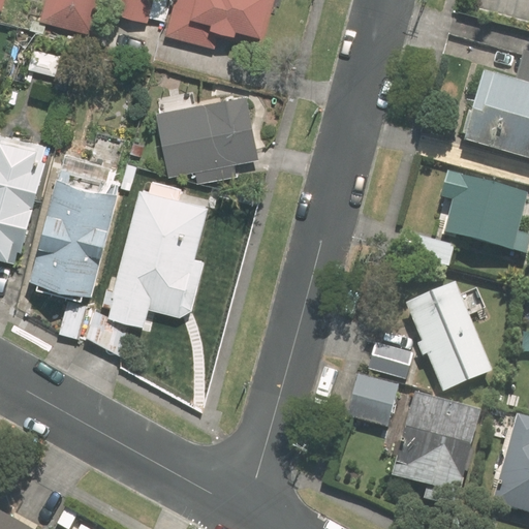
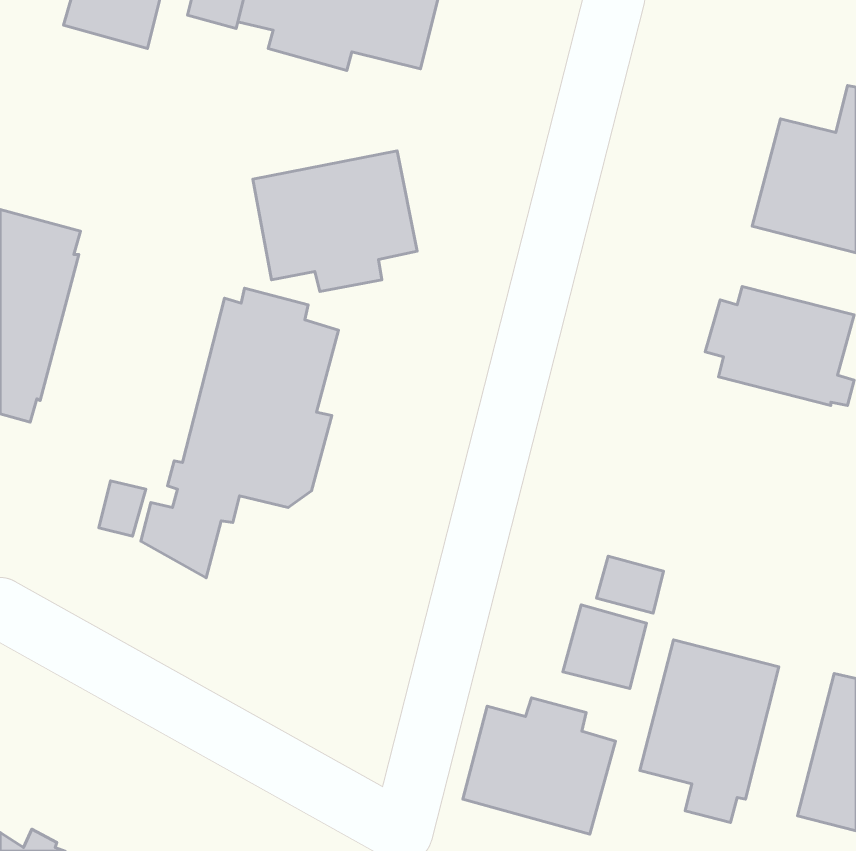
building: [30,163,117,290] -> none
building: [407,284,492,391] -> none
building: none -> [463,698,616,834]

